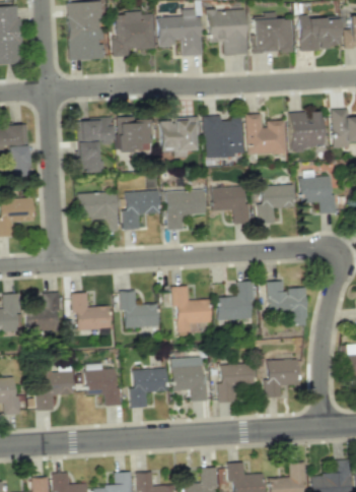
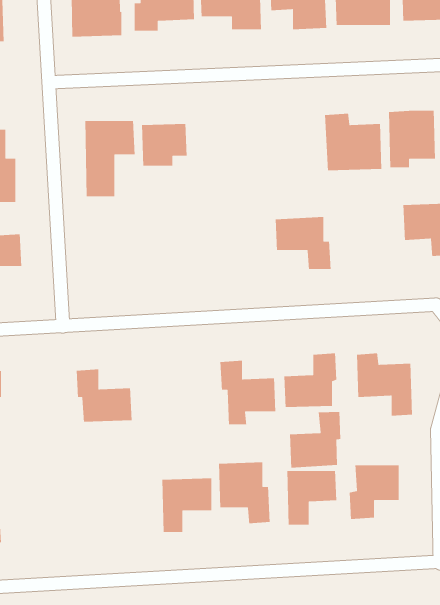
building: [204,116,243,158] -> none
building: [160,119,200,151] -> none
building: [257,185,295,222] -> none
building: [166,190,206,231] -> none
building: [78,191,119,232] -> none
building: [123,191,159,230] -> none
building: [121,291,159,328] -> none
building: [26,294,61,330] -> none
building: none -> [289,411,341,468]
building: [85,369,122,406] -> none
building: [37,372,74,411] -> none

